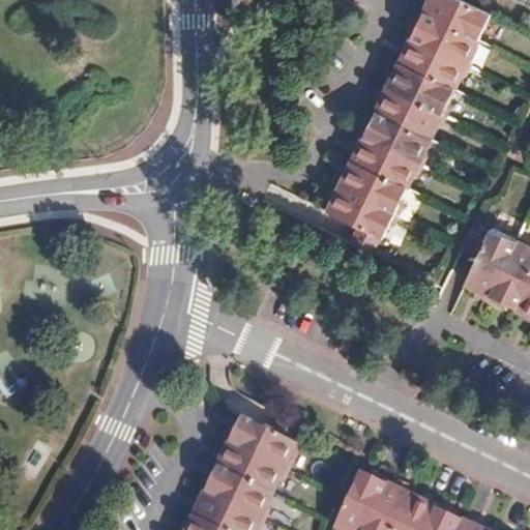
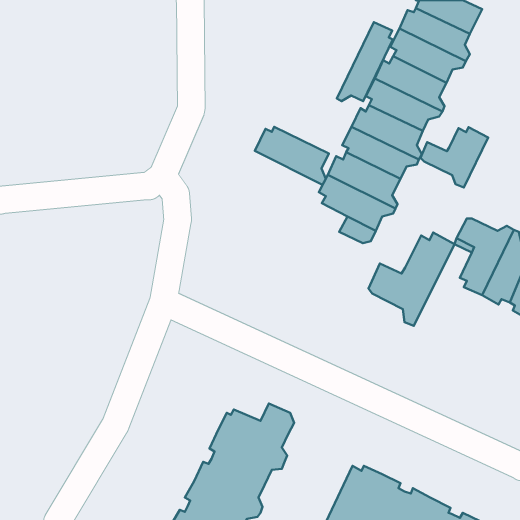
building: none -> [337,22,393,101]
building: none -> [255,127,329,185]
building: none -> [420,127,488,188]
building: none -> [368,233,455,326]

